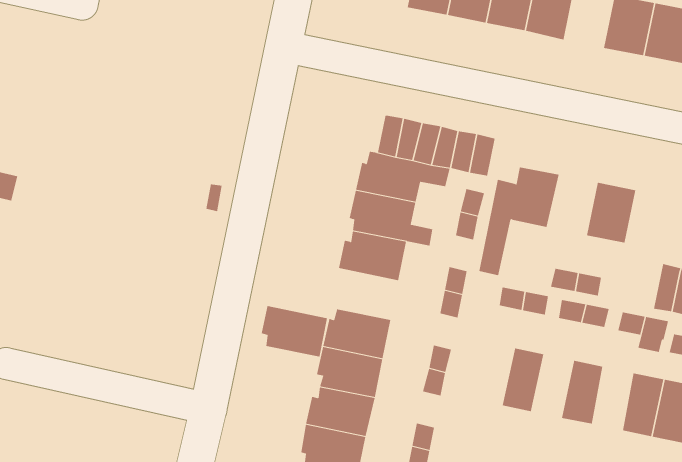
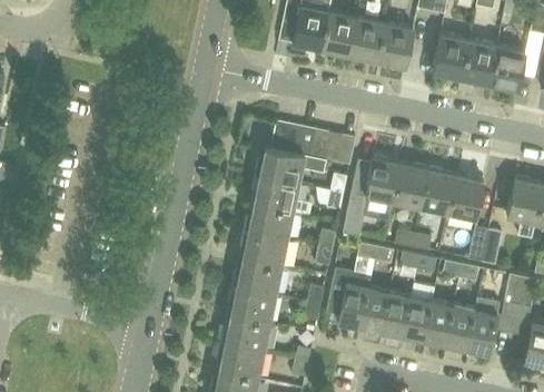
building: none -> [394,163,429,206]
building: none -> [449,174,485,218]
building: [261,306,328,357] -> [240,229,288,266]
building: none -> [326,267,373,327]
building: none -> [383,291,413,336]
building: none -> [426,300,455,345]

